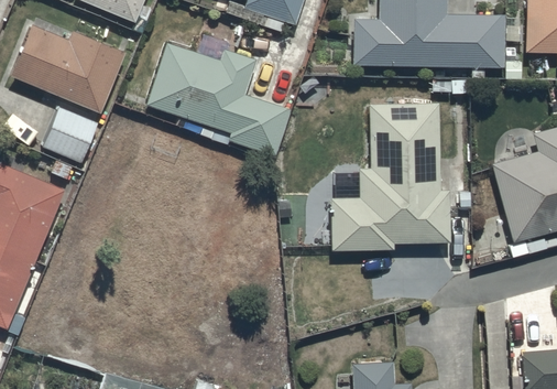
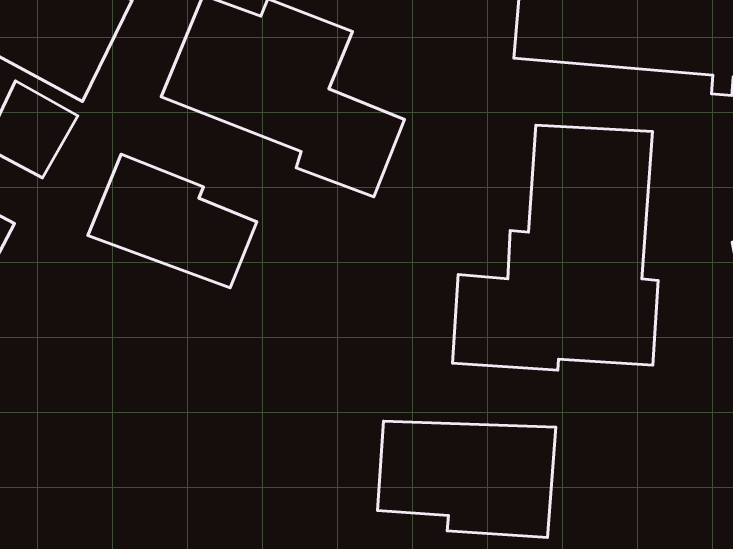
building: none -> [88,154,257,288]
building: none -> [378,421,556,537]

